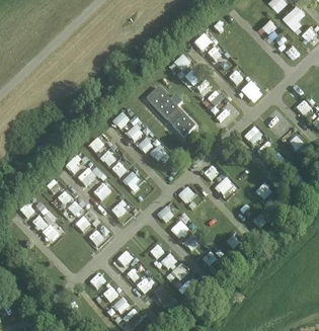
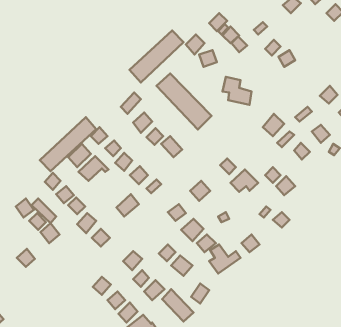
building: none -> [130,31,183,82]
building: none -> [40,117,96,171]

